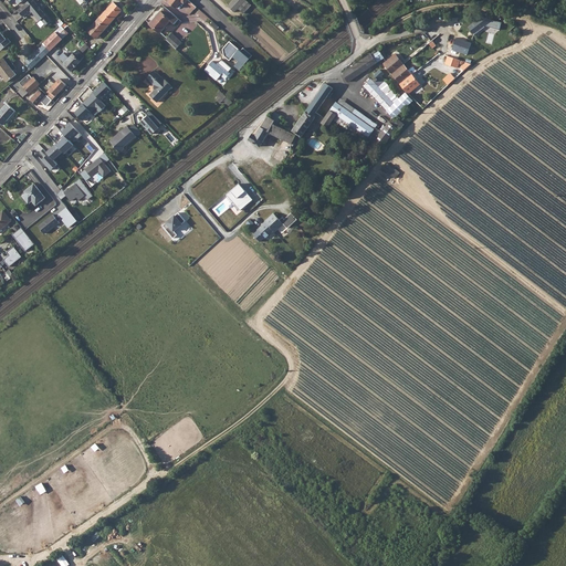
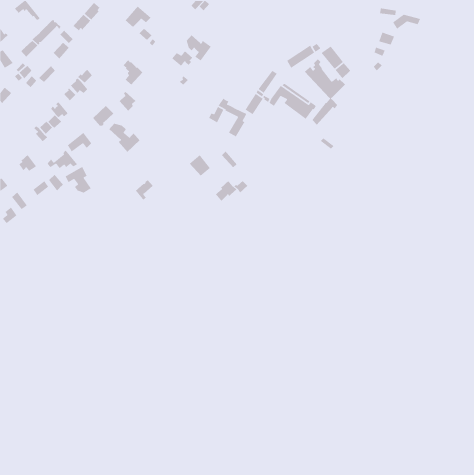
building: none -> [108,123,141,153]
building: none -> [64,166,92,194]

